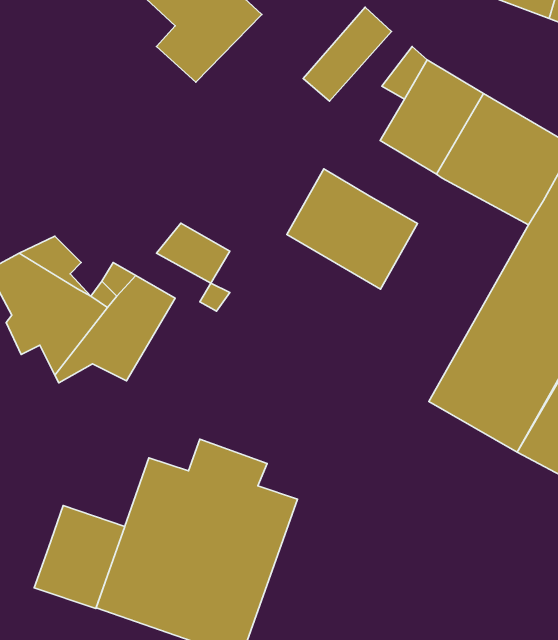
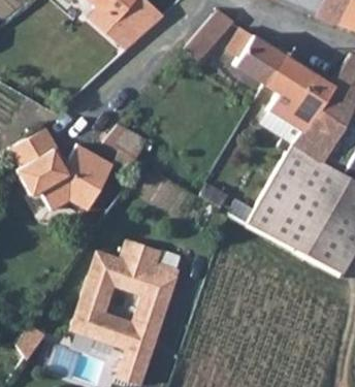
building: [287,169,418,289] -> none
building: [34,505,125,609] -> none

